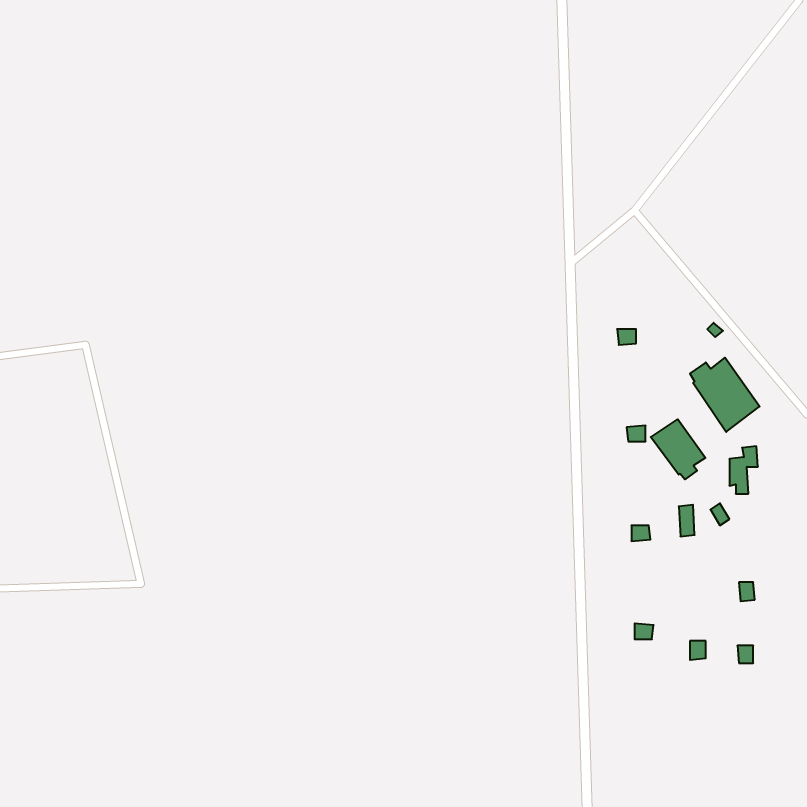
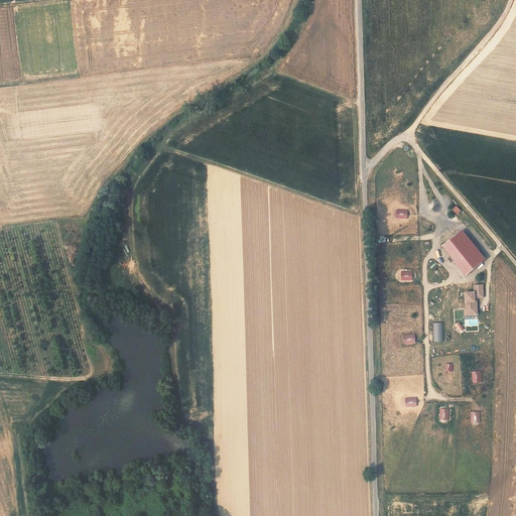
building: [651,419,705,479] -> none

